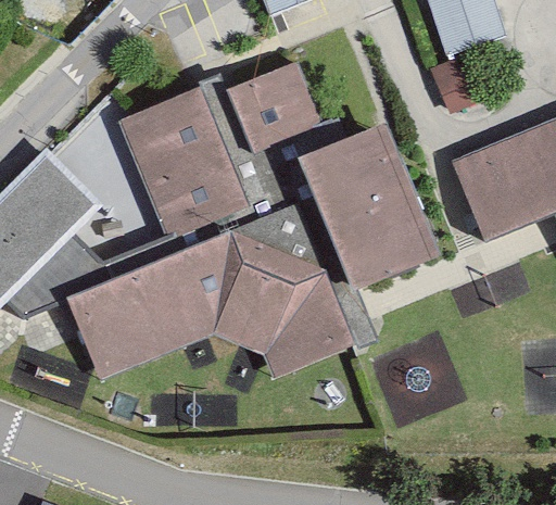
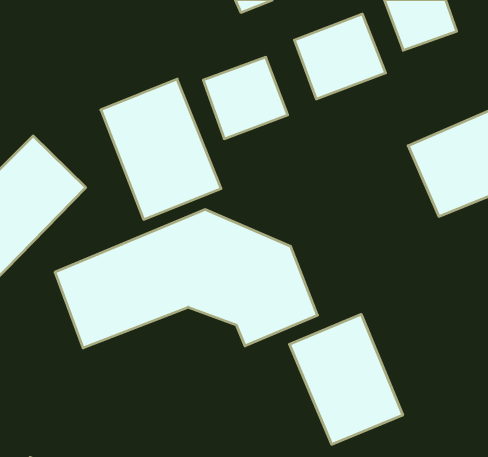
building: none -> [294,14,386,99]
building: [300,122,439,290] -> none
building: none -> [289,314,403,444]

